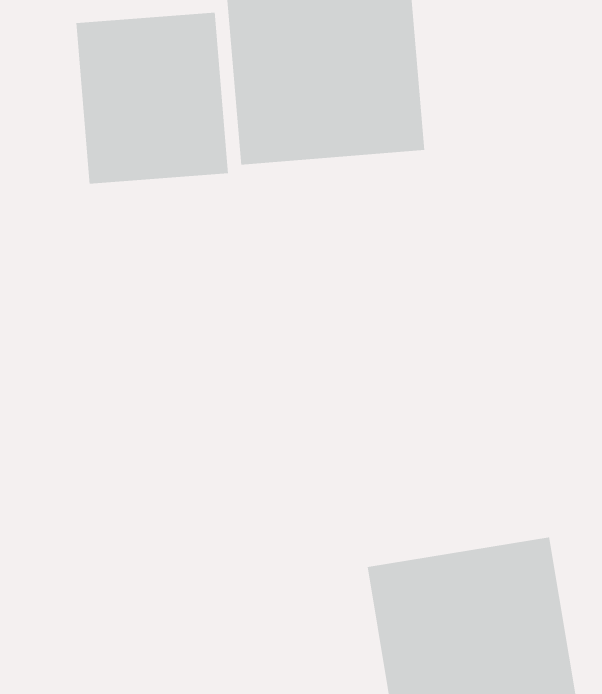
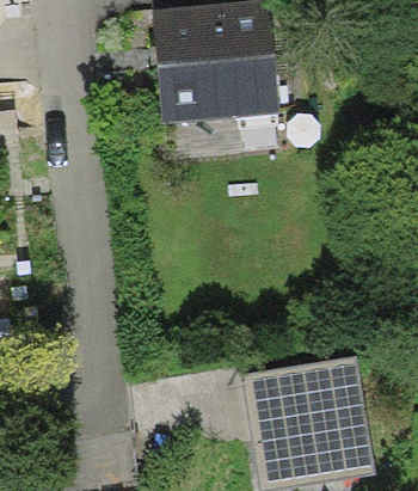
building: [76,12,228,185] -> none

